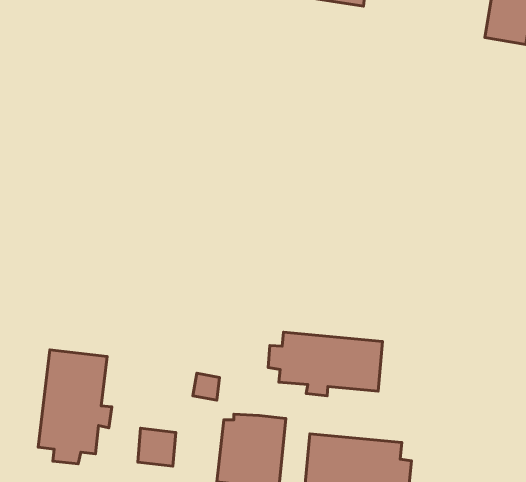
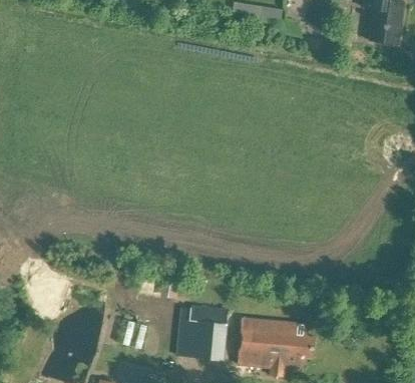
building: [268,332,383,396] -> none
building: [38,350,112,464] -> none

